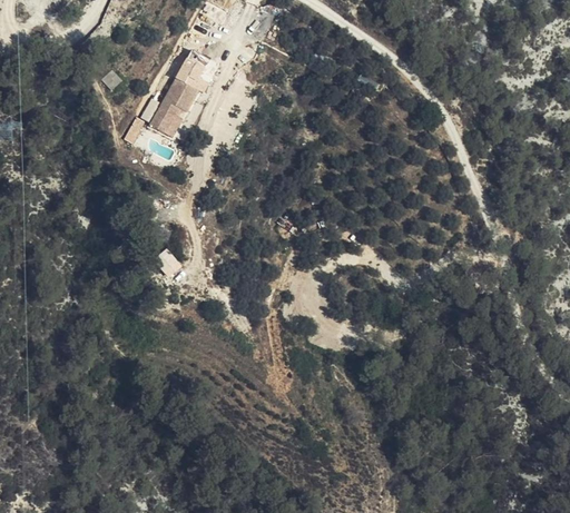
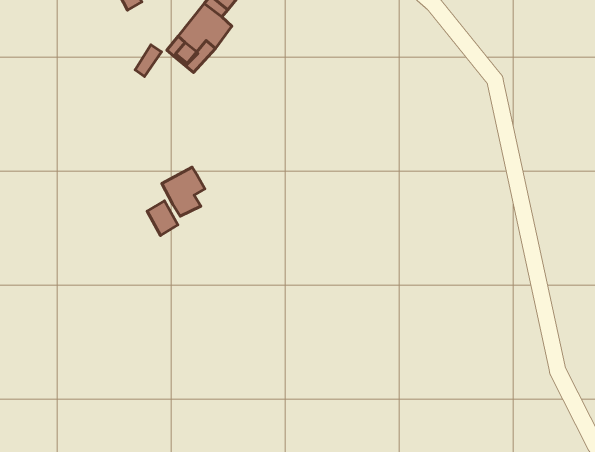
building: none -> [162,167,205,216]

